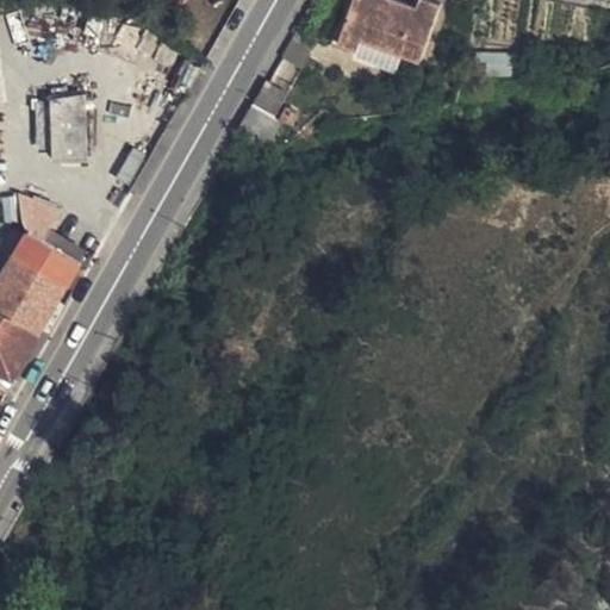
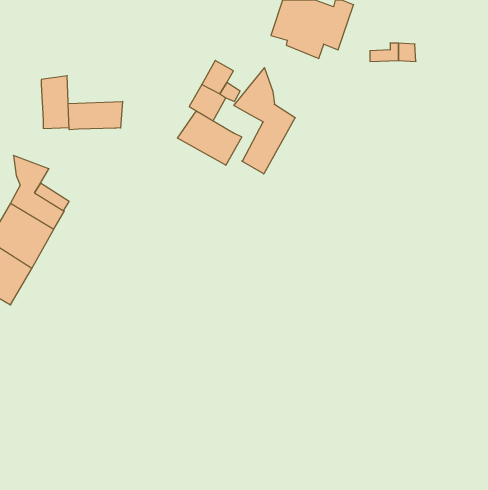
building: none -> [234,68,295,174]
building: none -> [68,101,123,130]
building: none -> [177,111,242,165]

